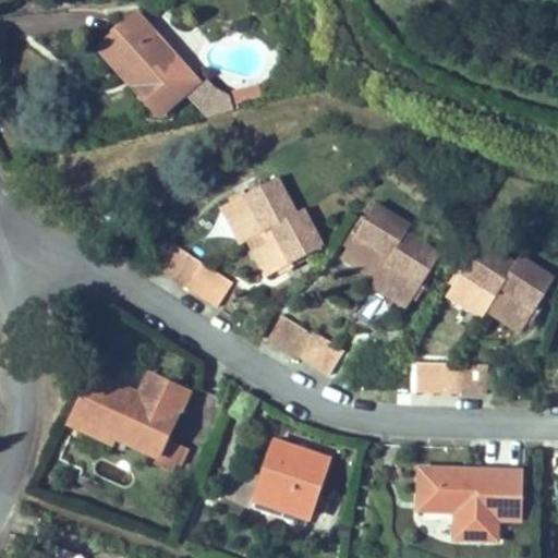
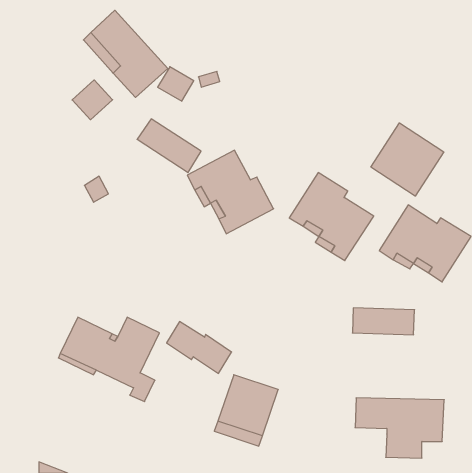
building: none -> [72,80,113,120]
building: none -> [371,123,444,196]
building: [156,243,231,306] -> [137,119,201,173]
building: [266,314,342,375] -> [167,322,232,373]

